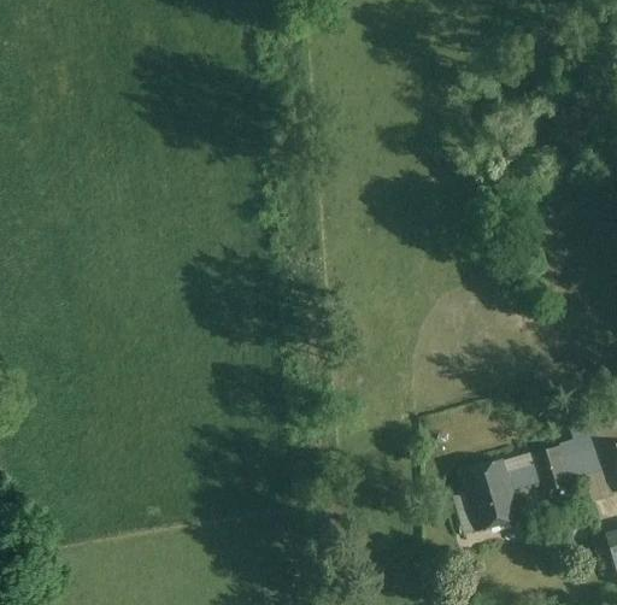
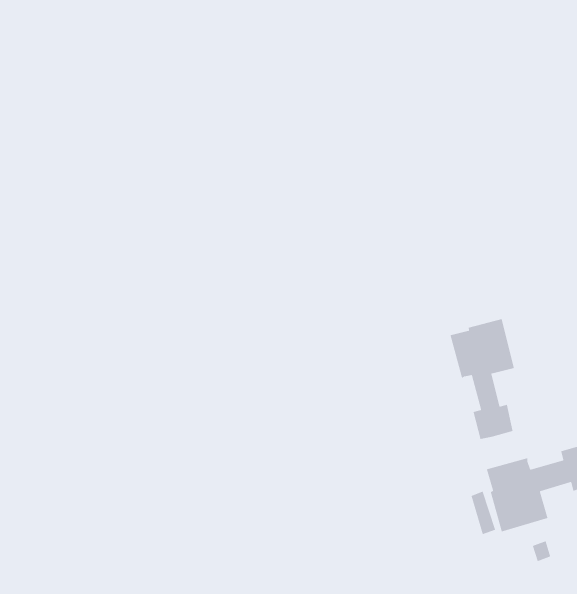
building: none -> [450,318,515,440]

